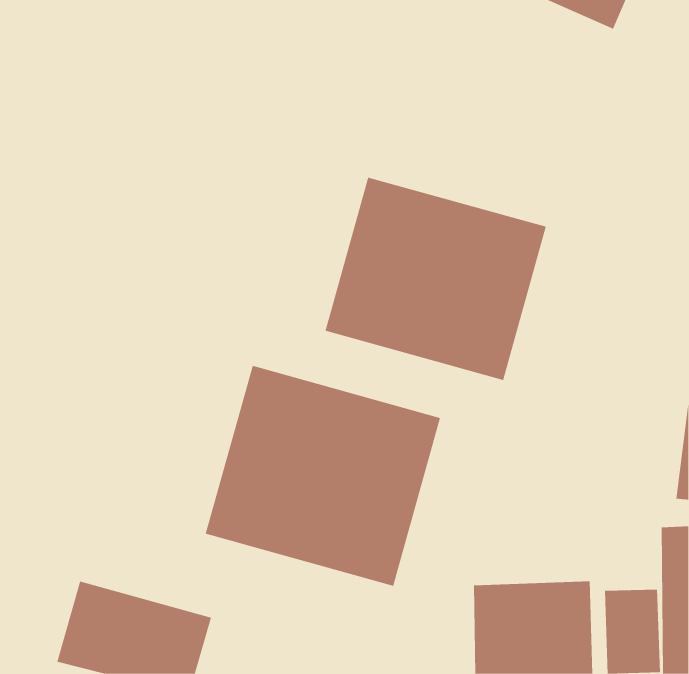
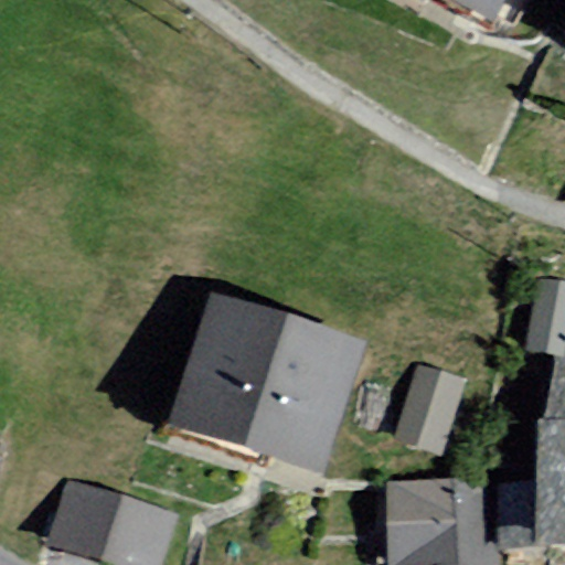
building: [325,177,547,381] -> none
building: none -> [395,360,462,455]

